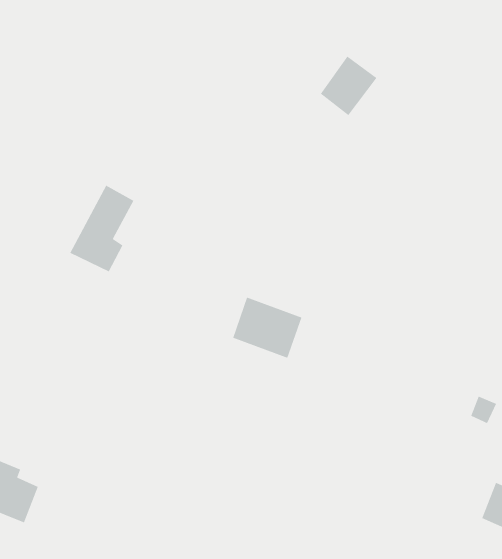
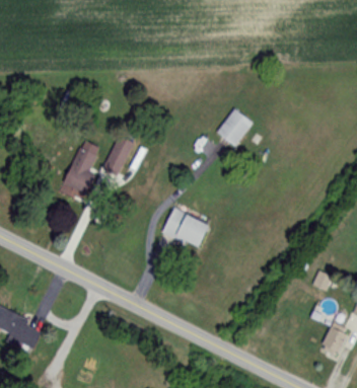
building: [320,55,377,116] -> [217,108,254,147]
building: none -> [102,135,136,176]

